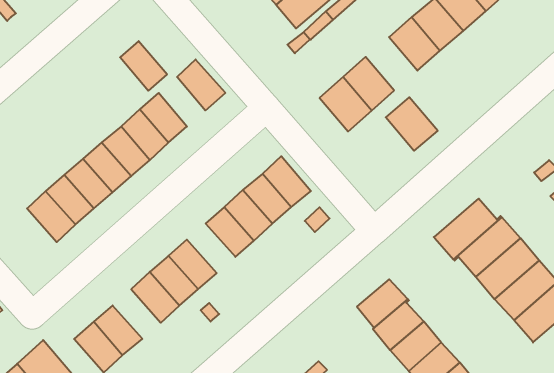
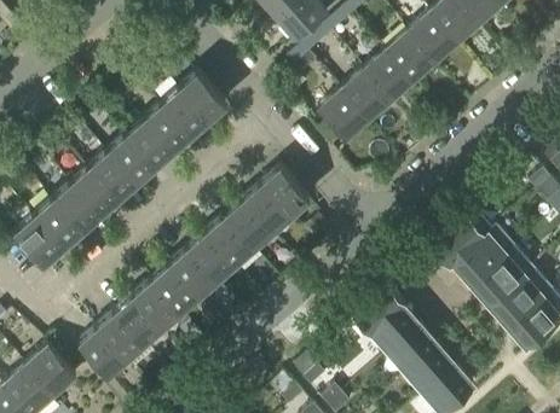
building: [120,41,167,91] -> [162,88,208,136]
building: [386,97,438,151] -> [364,50,415,101]
building: none -> [16,216,63,264]
building: none -> [190,231,237,279]
building: none -> [117,295,164,343]

